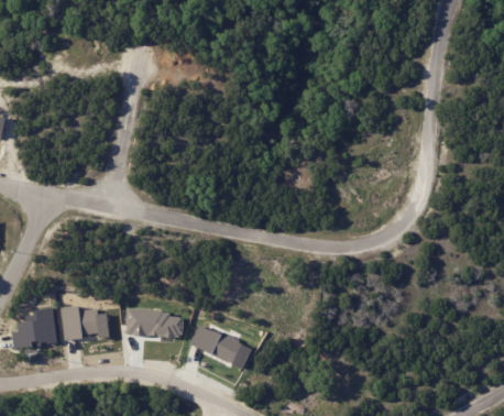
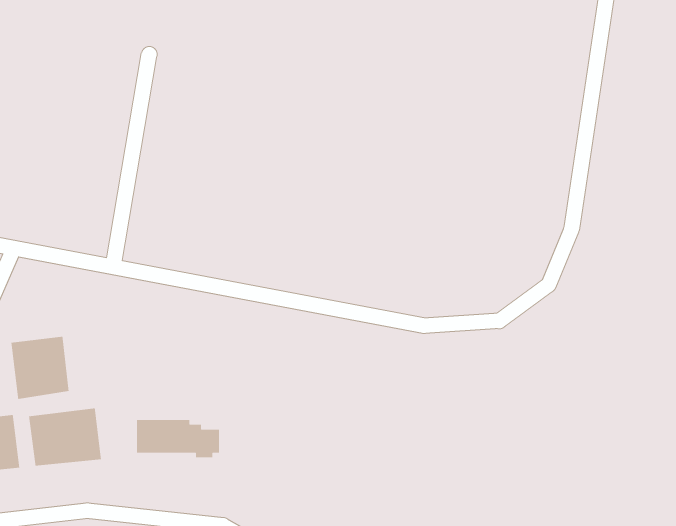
building: none -> [11,336,70,400]
building: [191,324,251,368] -> none

